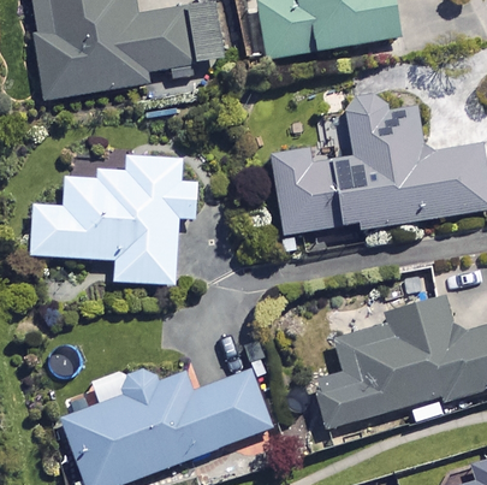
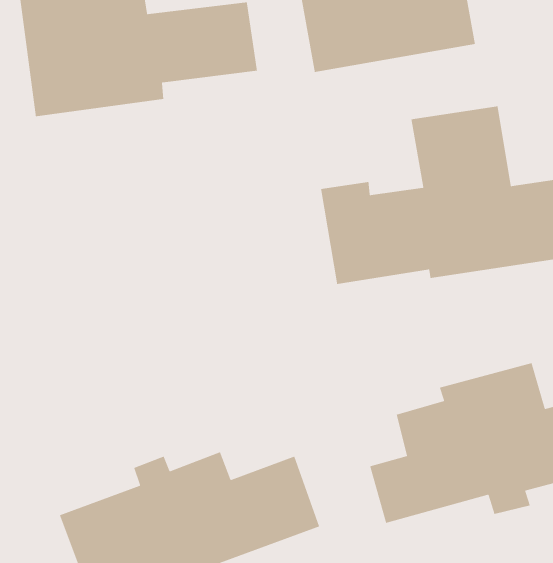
building: [31,156,198,284] -> none

